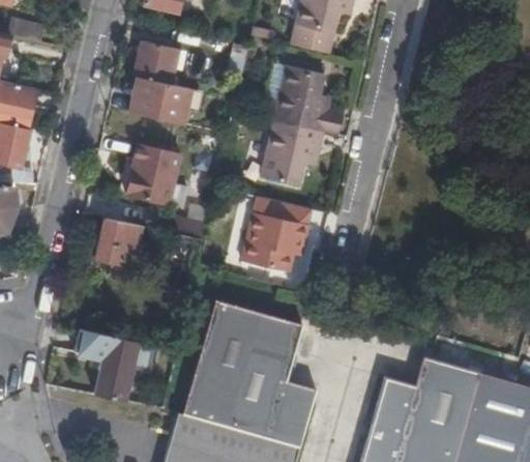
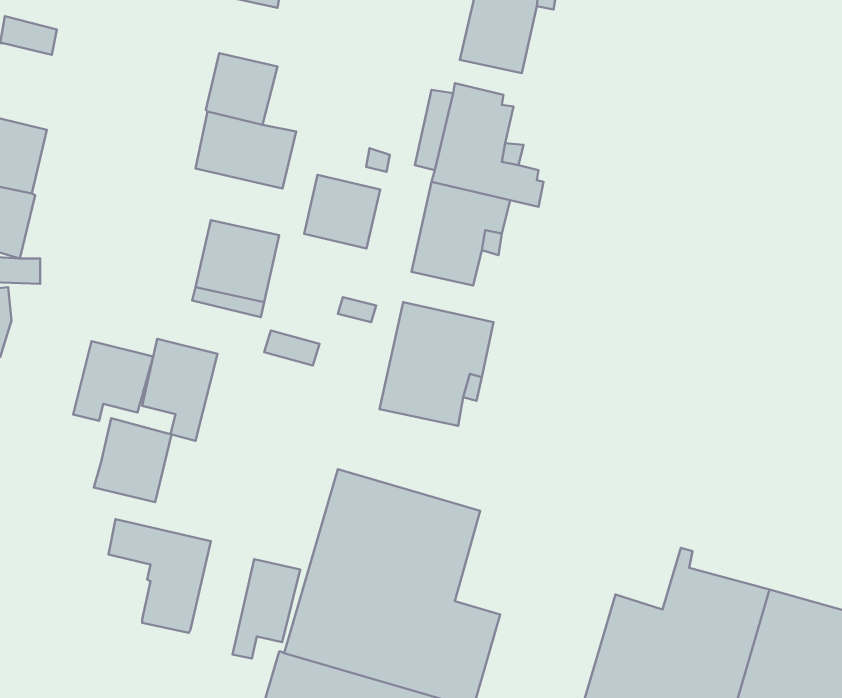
building: none -> [304,175,380,249]
building: none -> [73,341,153,421]
building: none -> [94,418,172,502]
building: none -> [233,559,300,659]

